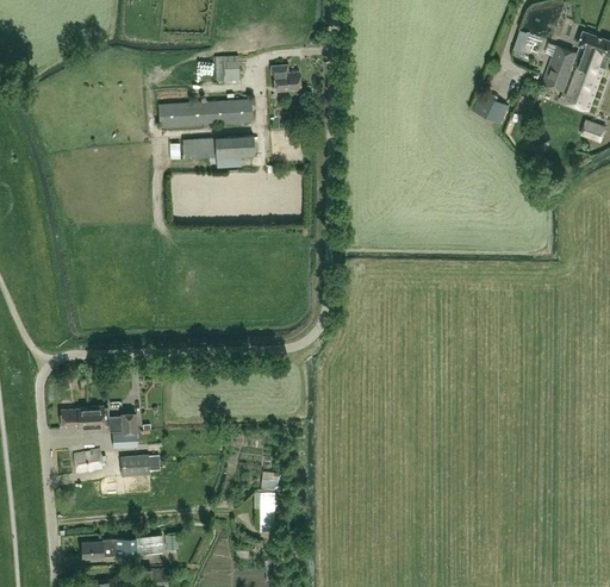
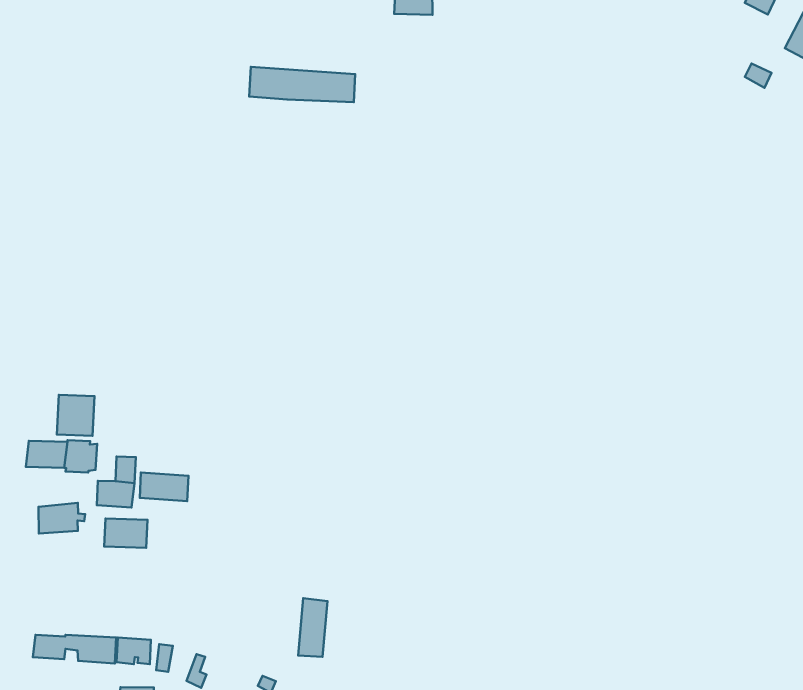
building: [472,92,510,124] -> none
building: [157,100,251,127] -> none
building: none -> [57,395,95,436]
building: none -> [140,473,188,501]

